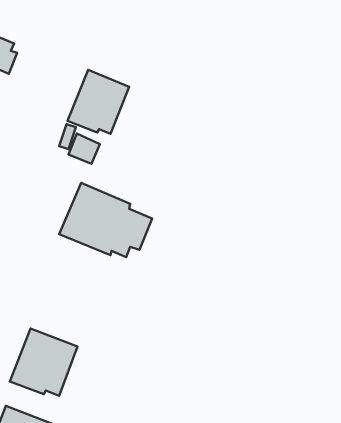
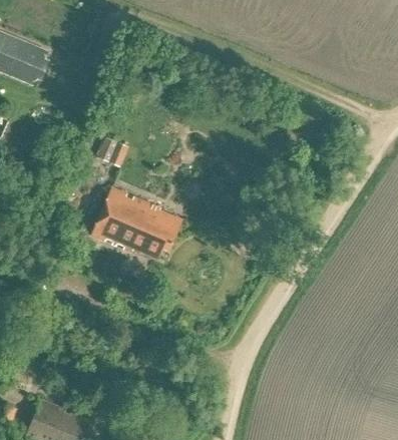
building: [67,70,129,134] -> none
building: [10,328,77,396] -> none

